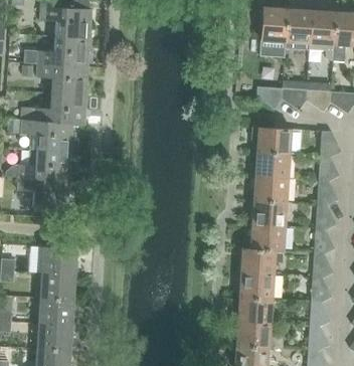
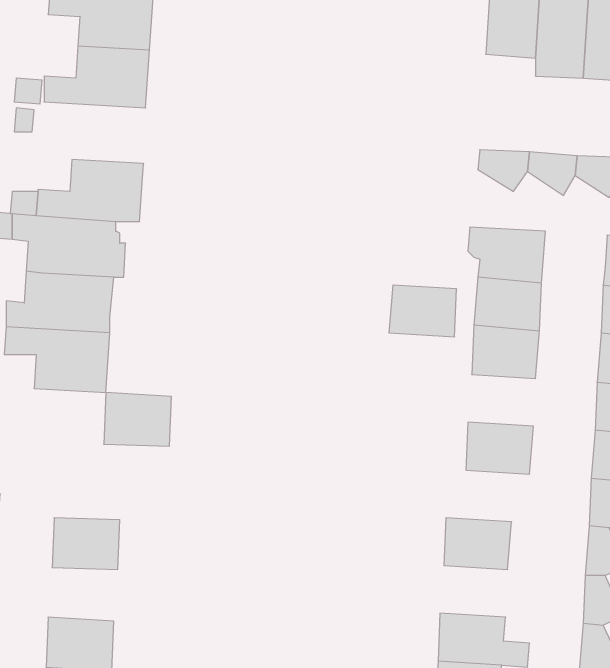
building: [36,63,88,95] -> none
building: [251,201,286,227] -> [389,285,457,337]
building: [42,247,76,274] -> [104,392,171,446]
building: [240,248,283,276] -> none
building: [237,298,272,324] -> none
building: [39,299,74,326] -> none

